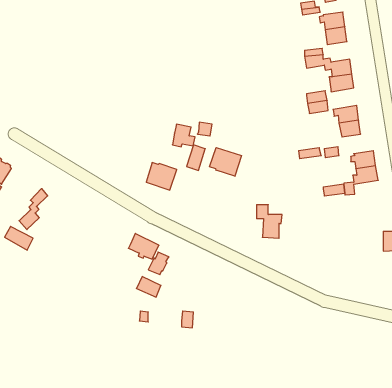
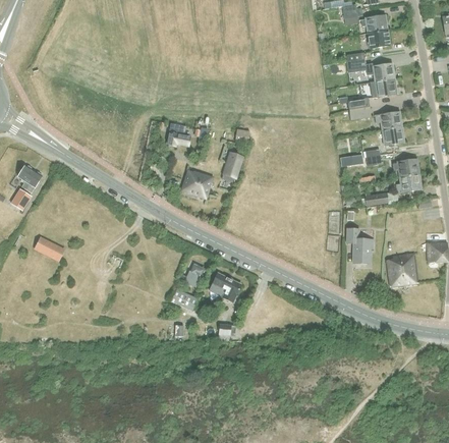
building: [172,124,195,147] -> [166,122,189,146]
building: [209,148,242,176] -> none
building: [19,189,48,230] -> none
building: [257,205,282,238] -> [346,228,373,263]
building: [128,233,159,259] -> [210,273,241,299]
building: none -> [387,254,417,286]

